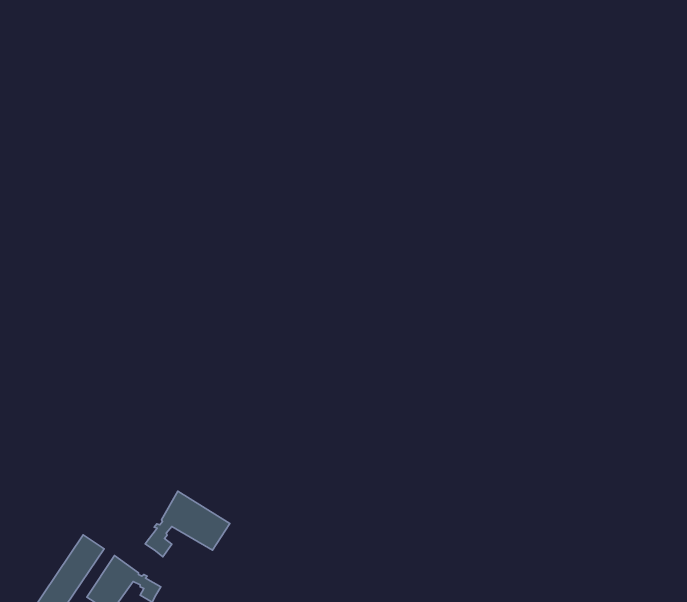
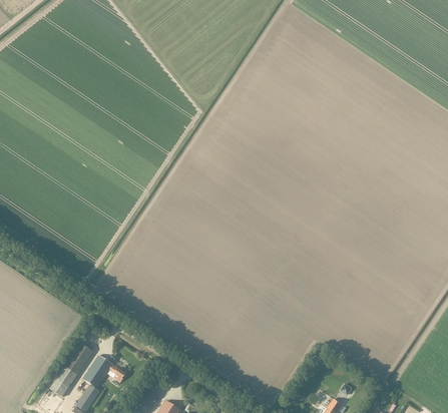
building: [145,491,230,557] -> none

